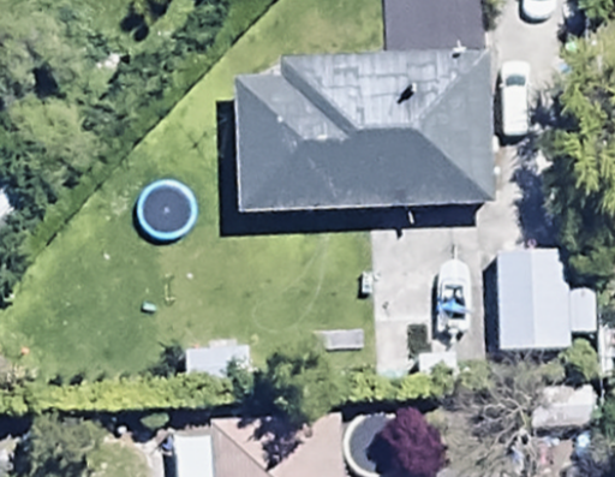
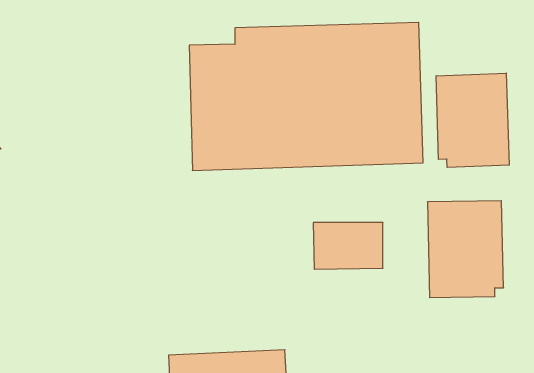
building: none -> [436,73,509,167]

